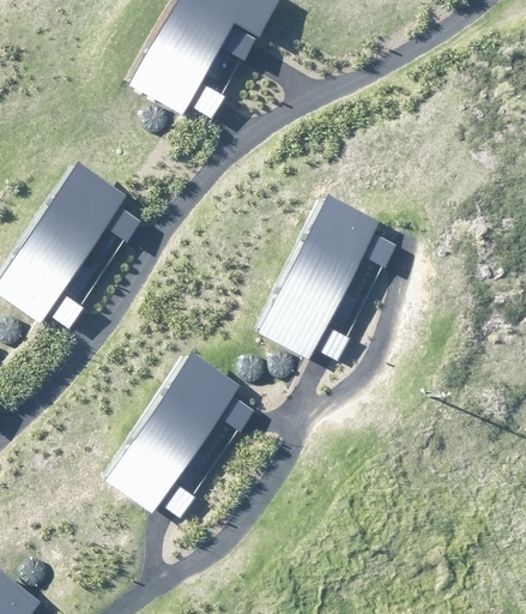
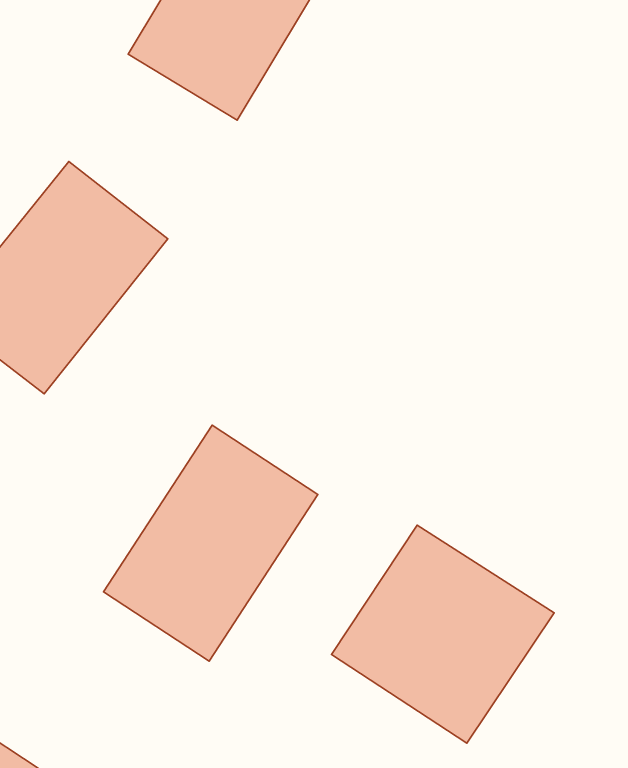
building: [238,194,394,365] -> none
building: none -> [331,525,554,743]

